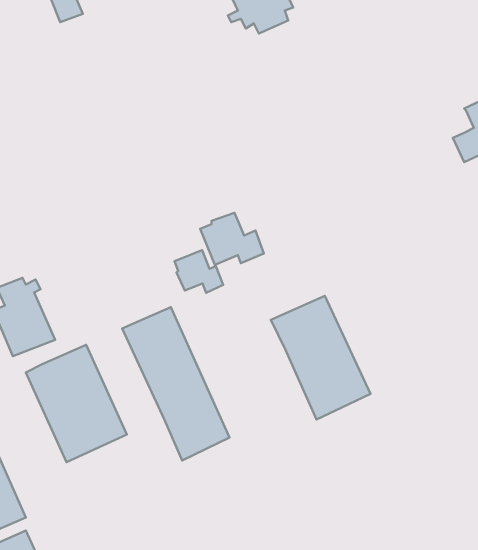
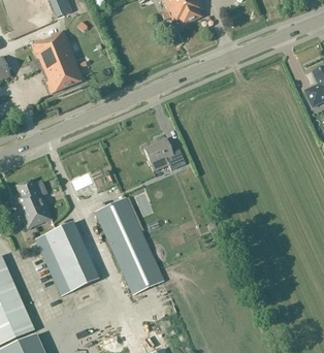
building: none -> [31,30,83,92]
building: [175,250,223,293] -> none
building: [271,296,371,419] -> none

